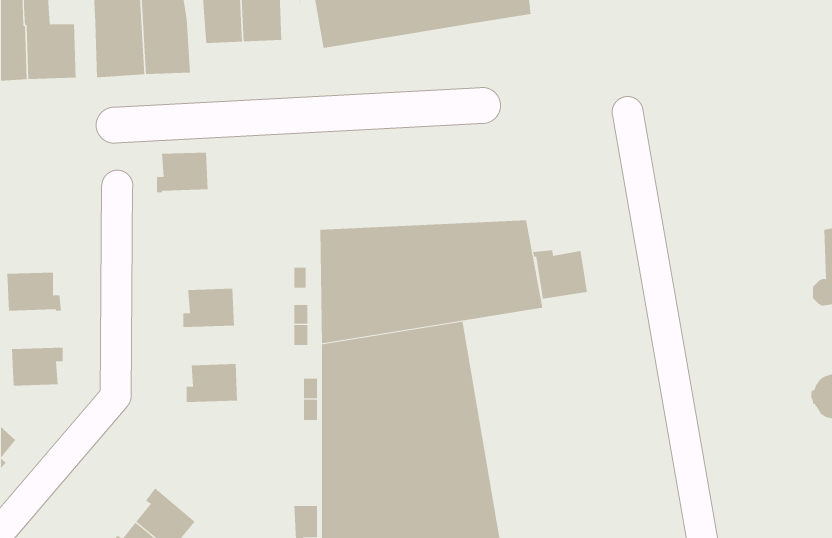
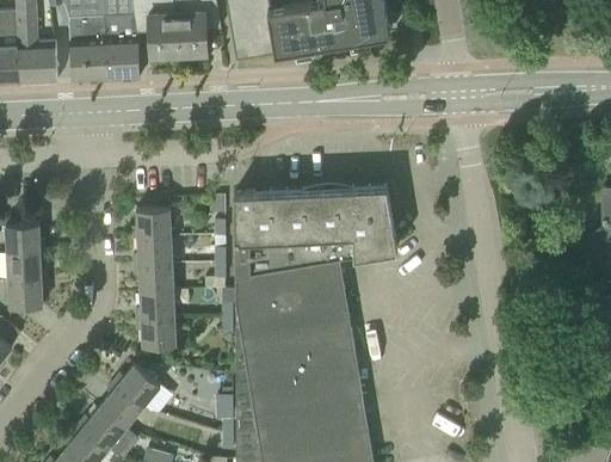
building: [156,152,208,193] -> [132,209,171,239]
building: [533,249,588,299] -> none
building: none -> [6,252,47,281]
building: none -> [134,264,173,292]
building: none -> [136,319,175,347]
building: none -> [113,364,161,407]

